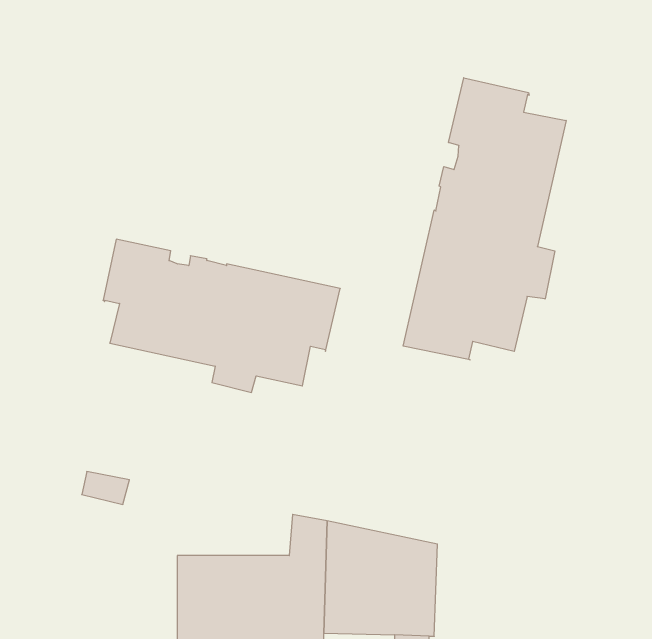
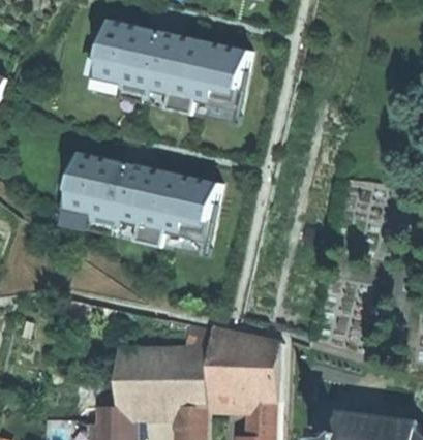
building: none -> [99,20,248,116]
building: [403,78,566,360] -> none

